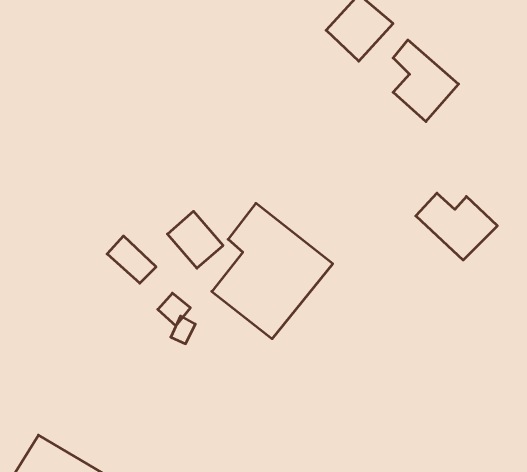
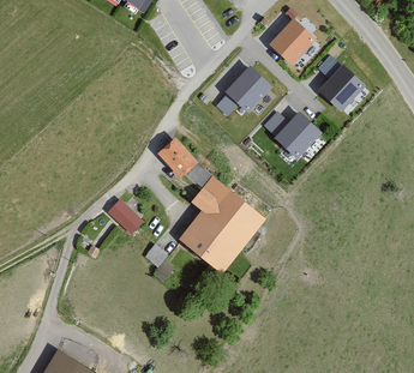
building: none -> [211,67,271,118]
building: [416,193,497,260] -> [258,112,318,161]
building: [167,211,223,268] -> [160,134,200,176]

